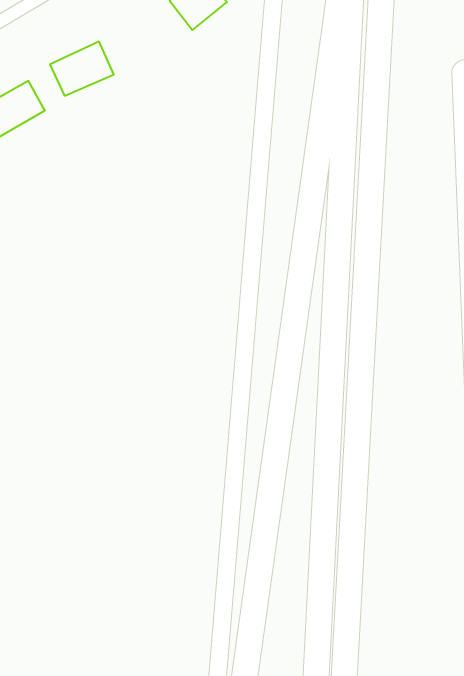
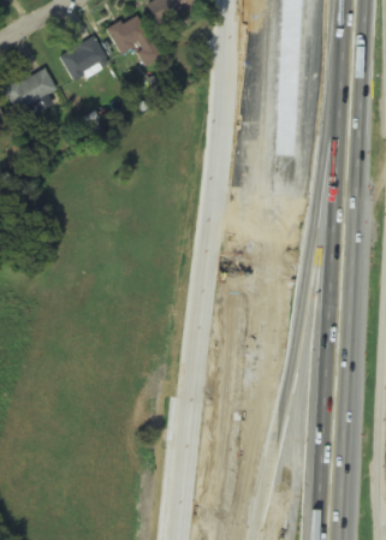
building: none -> [109,14,164,67]

